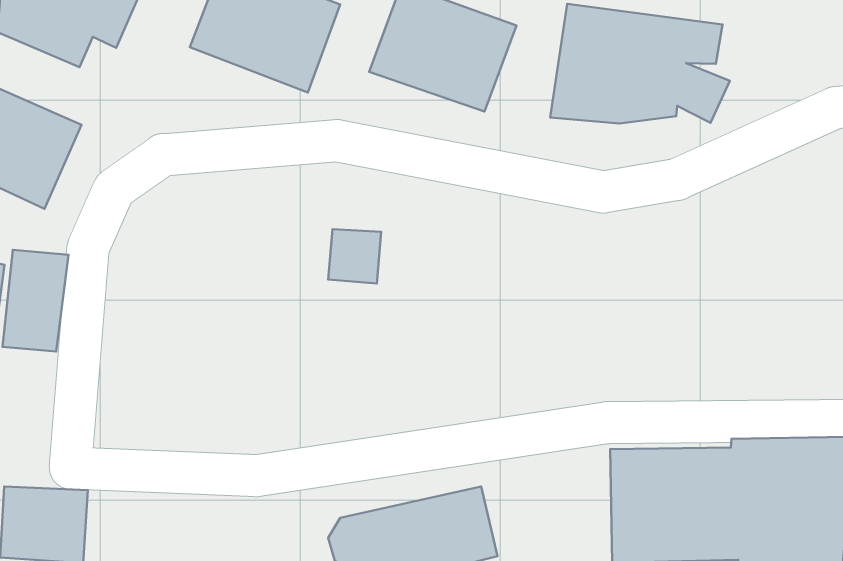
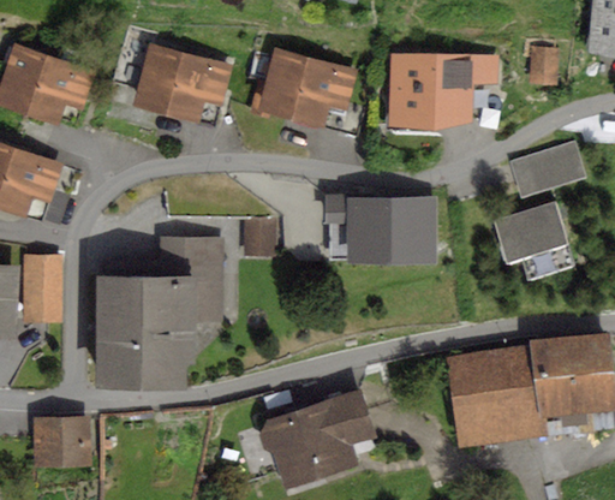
building: none -> [529,46,560,85]
building: none -> [508,139,586,198]
building: none -> [326,194,436,263]
building: none -> [492,200,577,279]
building: none -> [96,237,225,387]

